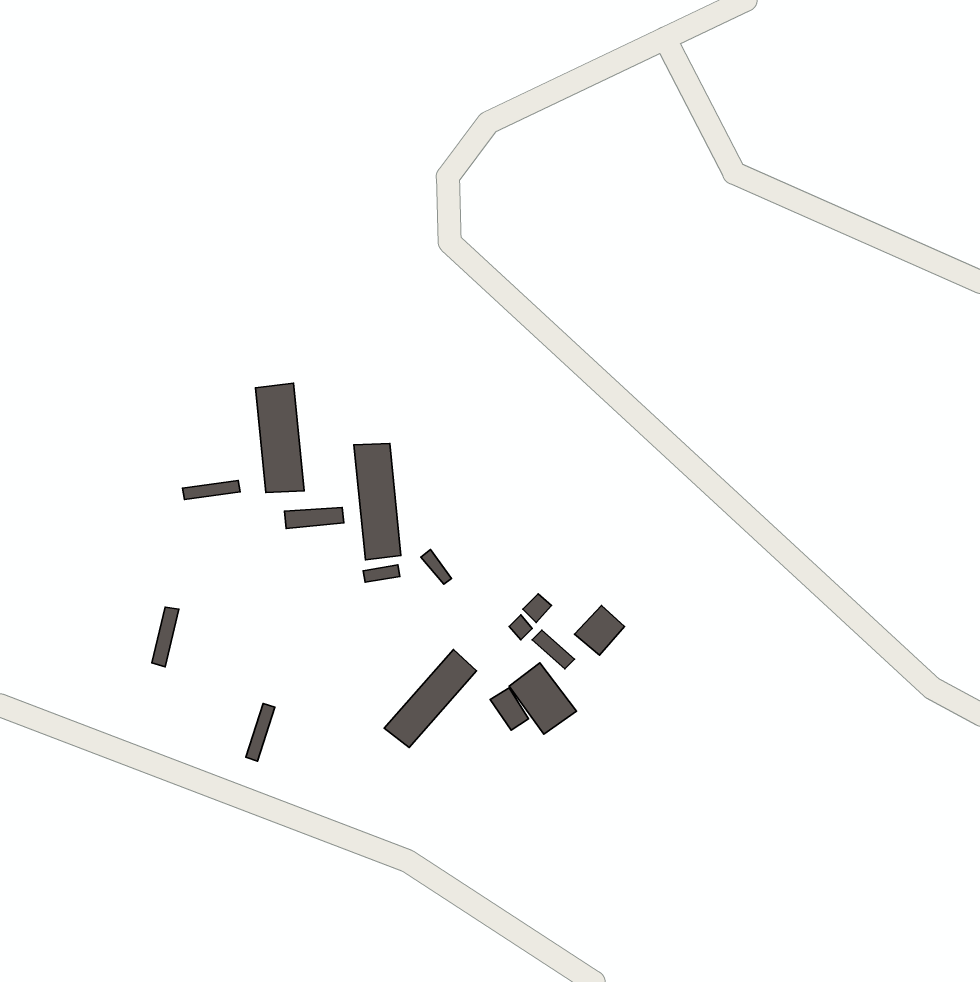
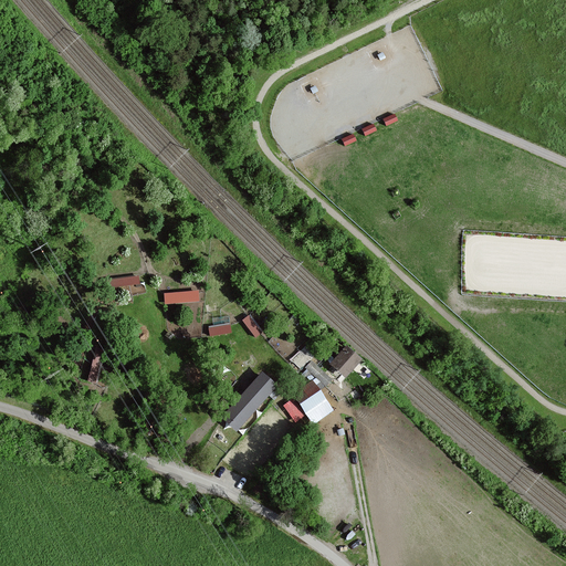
building: [256,383,304,492] -> none
building: [354,444,401,560] -> none

